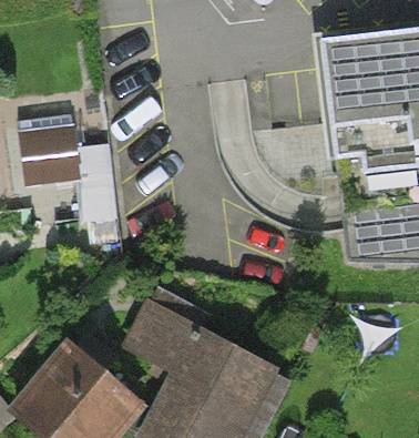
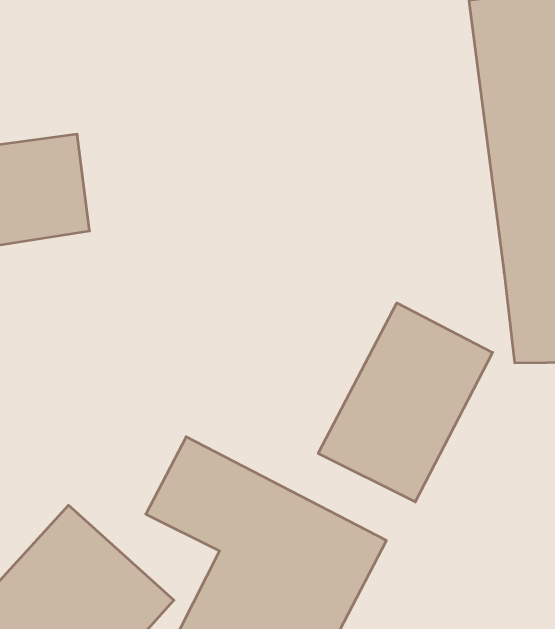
building: none -> [318,303,493,502]

